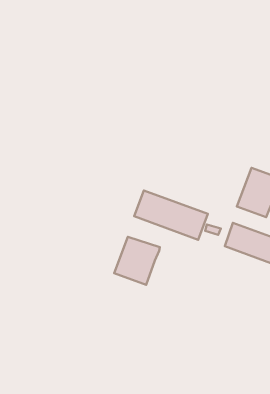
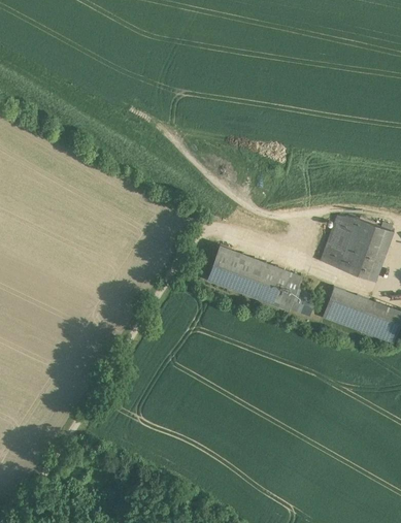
building: none -> [322,217,358,268]
building: [114,237,160,285] -> none

